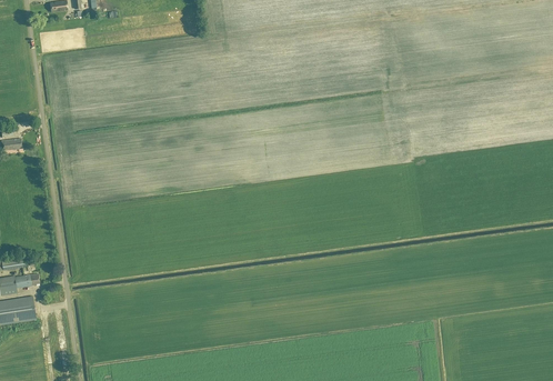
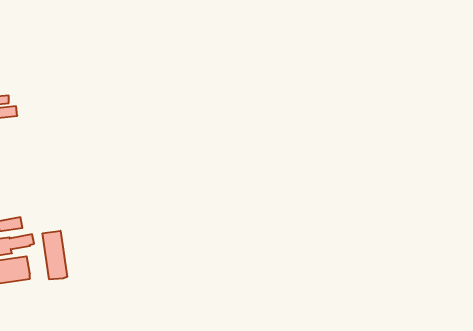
building: none -> [43,231,67,279]

